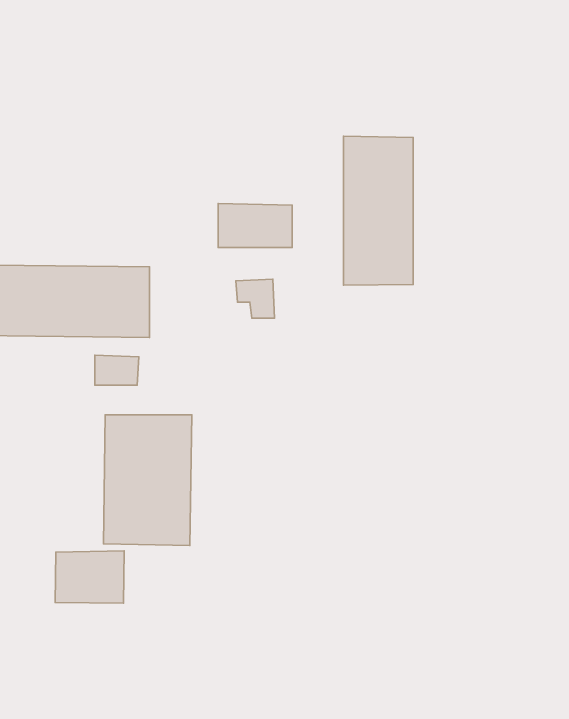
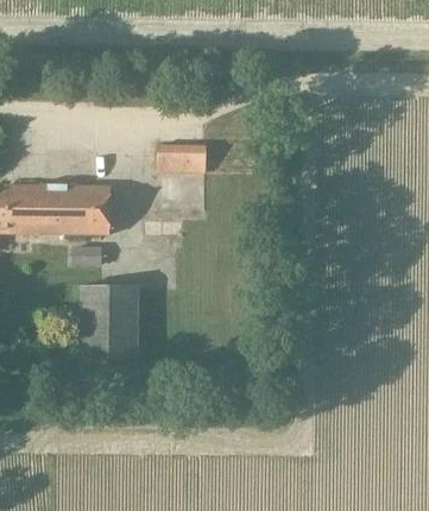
building: [344,136,413,285] -> none
building: [55,551,124,603] -> none

